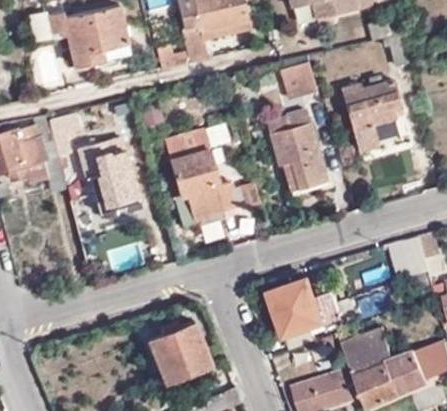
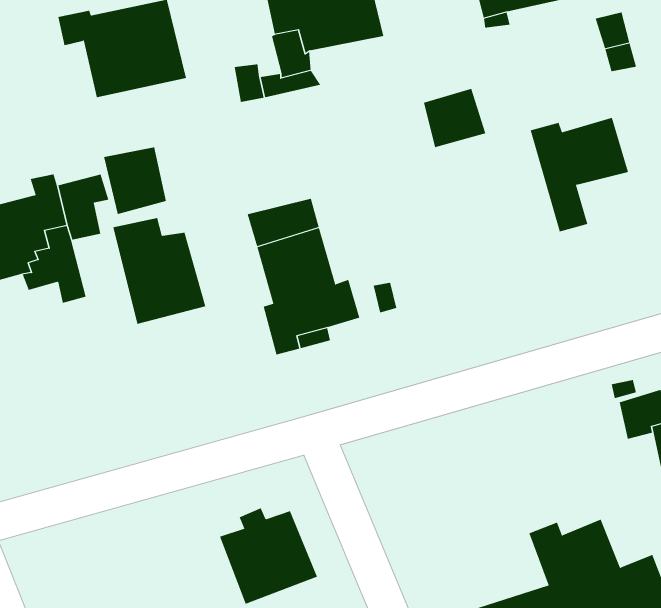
building: none -> [104,146,167,215]
building: [266,110,324,189] -> none
building: [269,277,355,348] -> none

